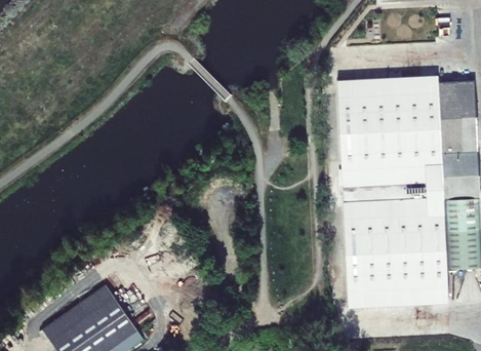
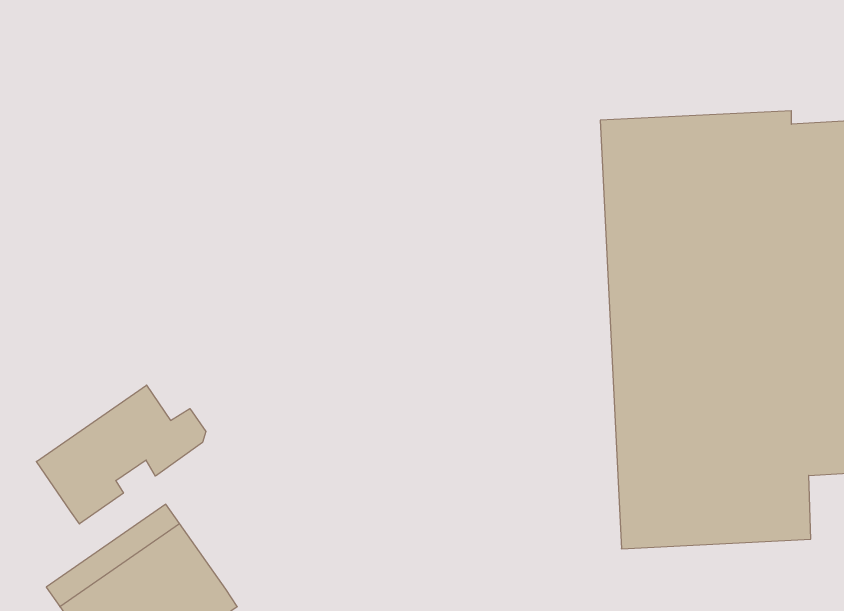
building: none -> [36,385,206,524]

